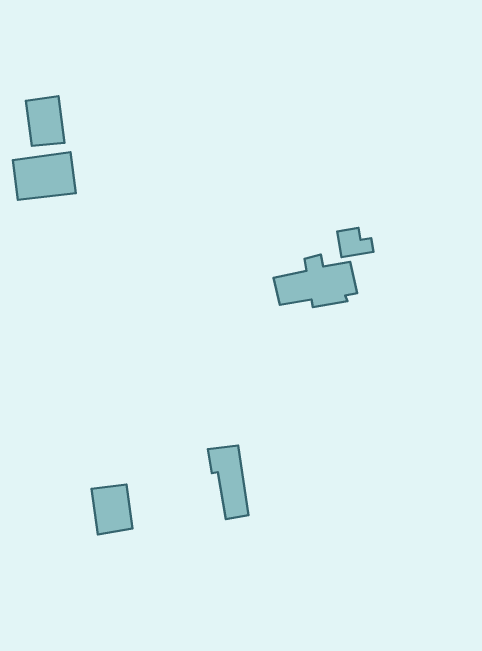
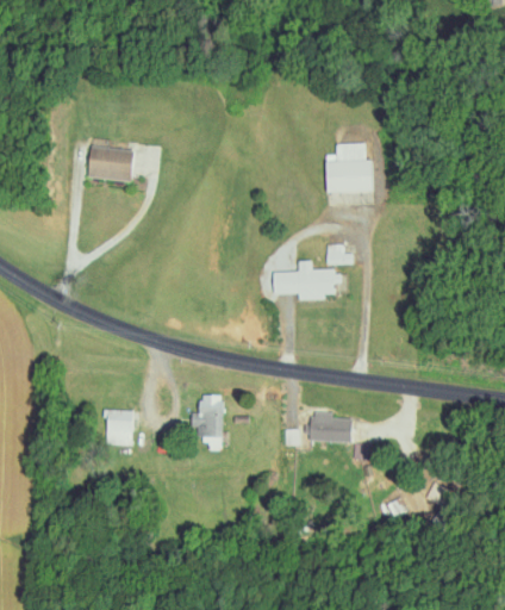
building: none -> [325,143,372,193]
building: [26,96,64,146] -> none
building: none -> [287,411,353,444]

